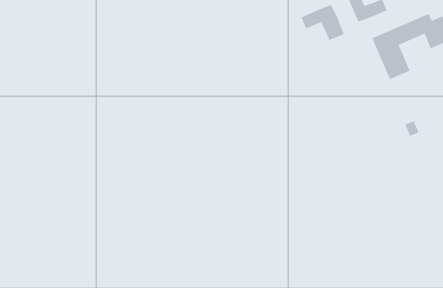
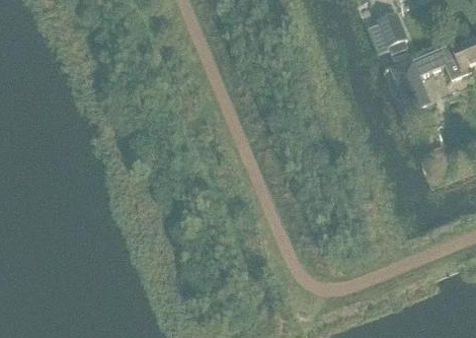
building: [301,4,344,41] -> none

